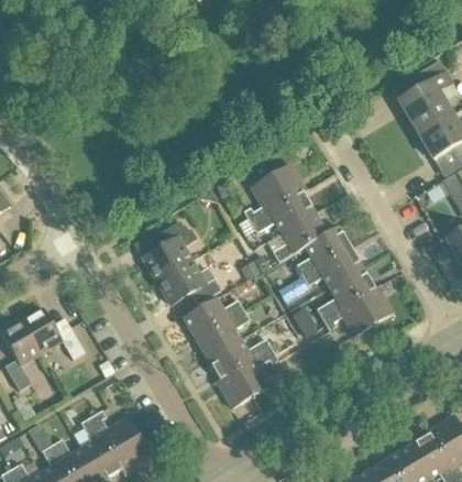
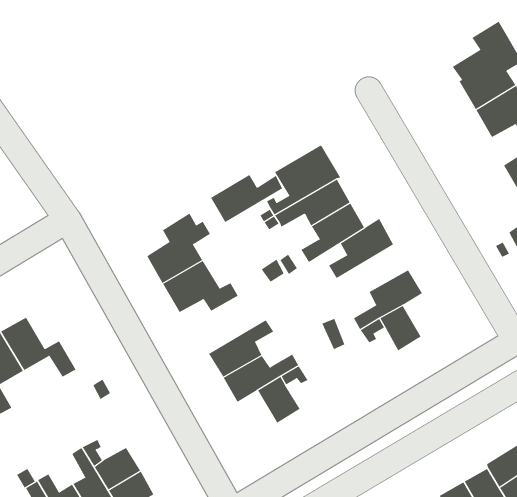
building: [301,247,362,286] -> none
building: [358,285,393,324] -> none
building: [183,297,243,338] -> [210,174,283,223]
building: [216,369,252,407] -> none

